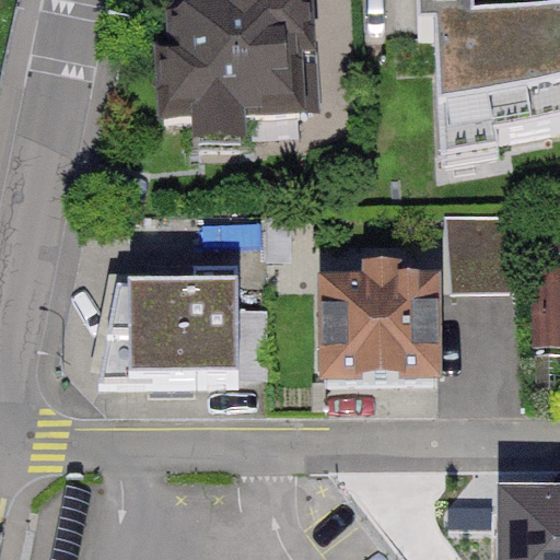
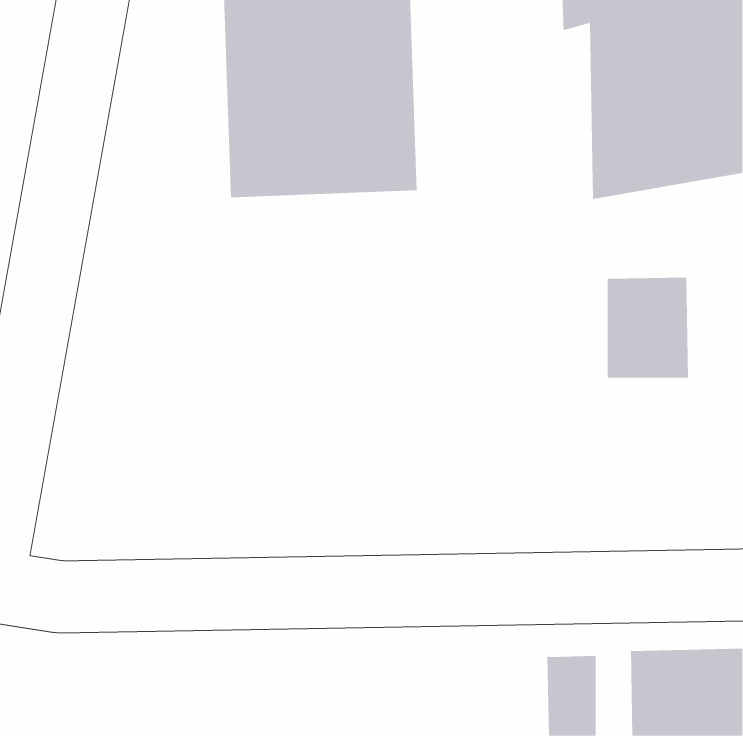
building: [318,262,444,372] -> none
building: [118,272,253,380] -> none

